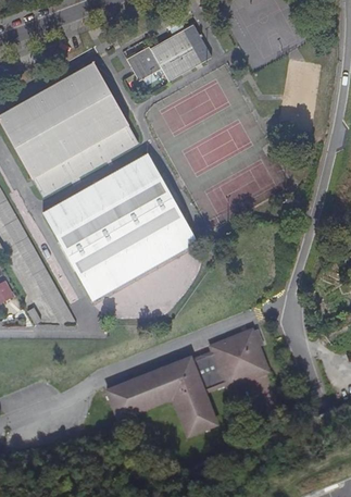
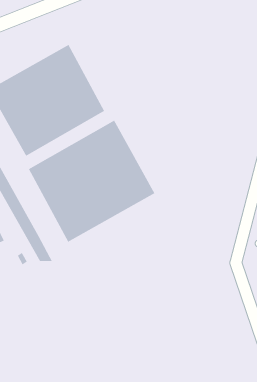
building: [126,24,212,80] -> none
building: [105,332,267,438] -> none

